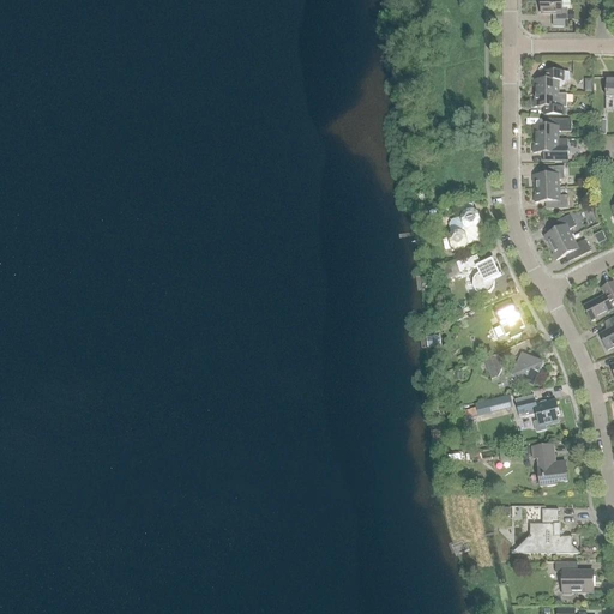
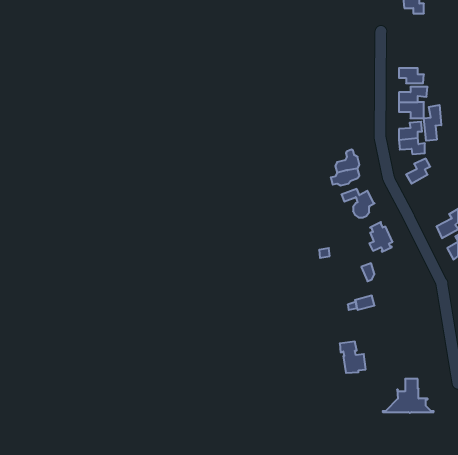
building: [534,68,570,91] -> none
building: none -> [424,105,441,141]
building: [550,234,591,258] -> none
building: [512,351,542,383] -> none
building: [516,392,559,427] -> none
building: [532,443,567,484] -> [340,342,366,373]
building: [562,568,594,592] -> none

